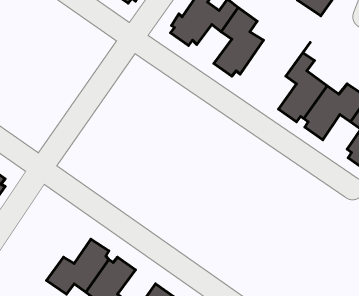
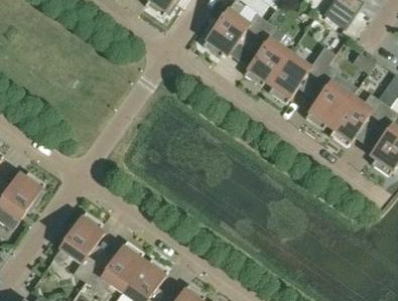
building: none -> [269,45,336,103]
building: none -> [53,211,104,280]

